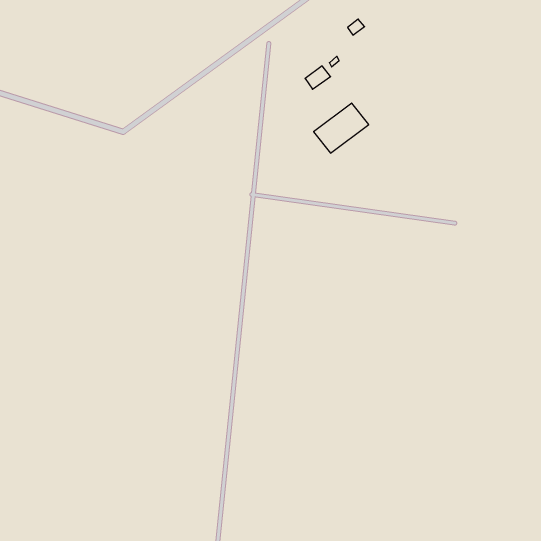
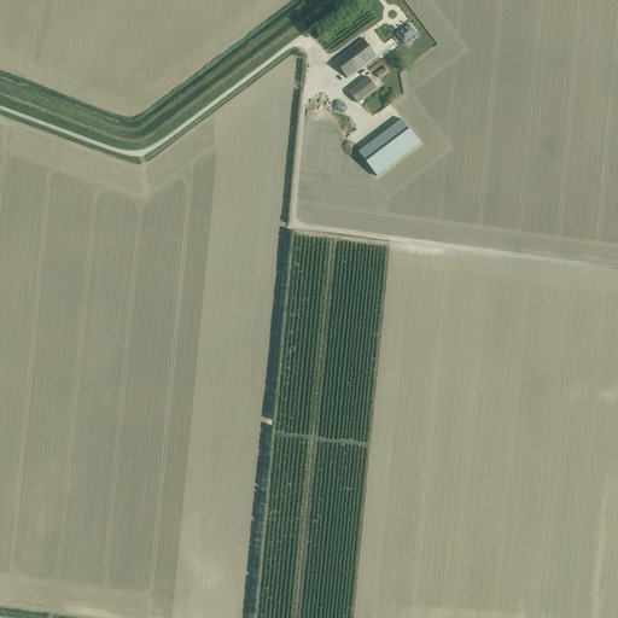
building: none -> [333,37,374,76]

